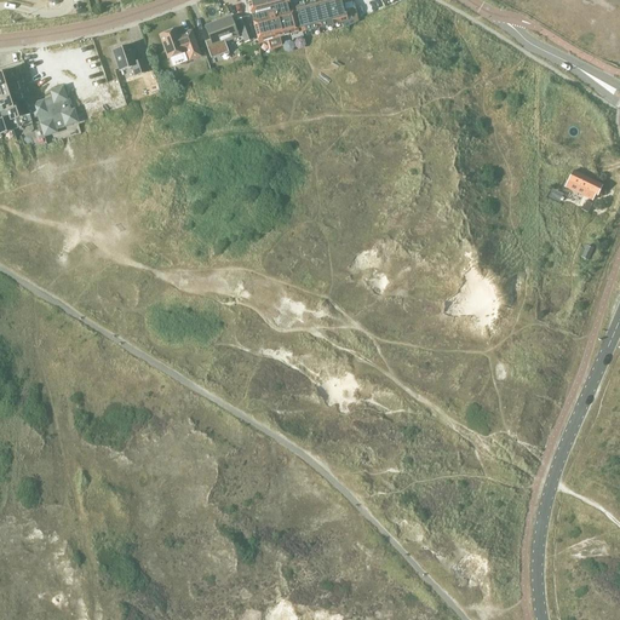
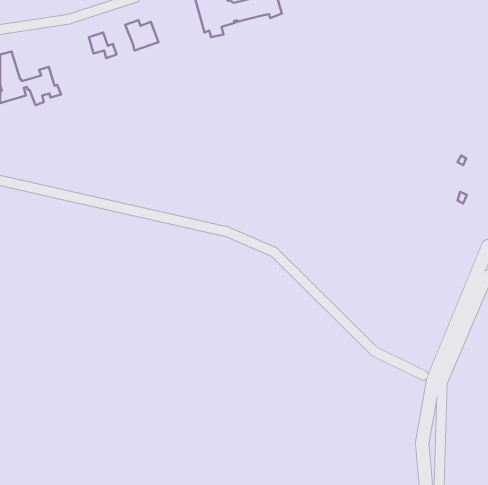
building: [205,15,253,54] -> none
building: [564,168,602,196] -> none

